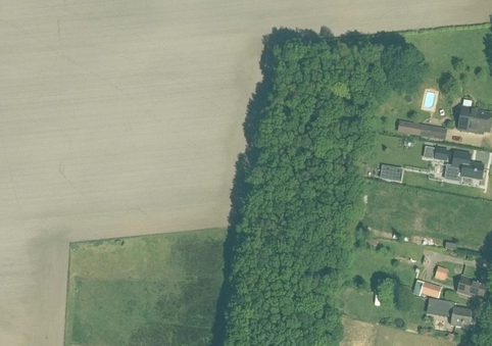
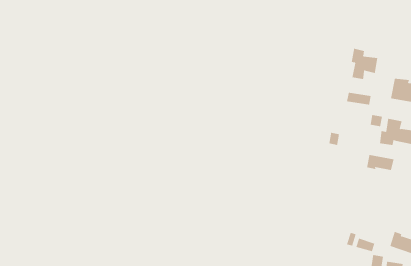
building: none -> [351,48,378,80]
building: none -> [366,154,394,171]

